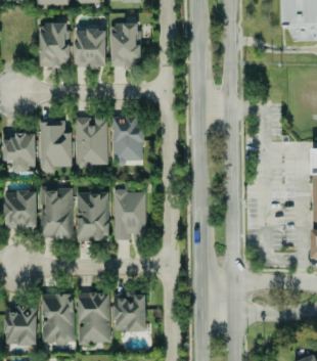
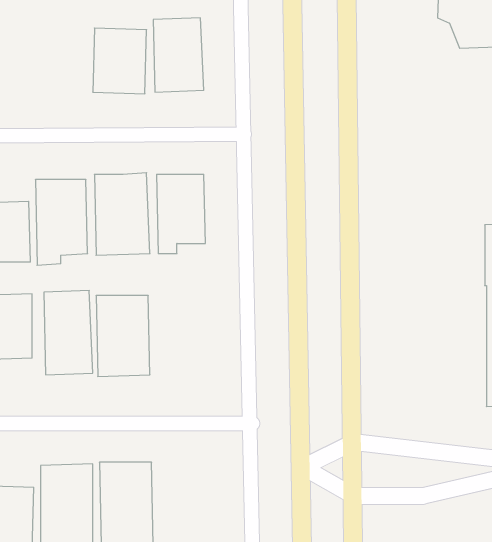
building: [38,24,69,67] -> none
building: [112,190,145,240] -> none
building: [112,296,146,331] -> none

